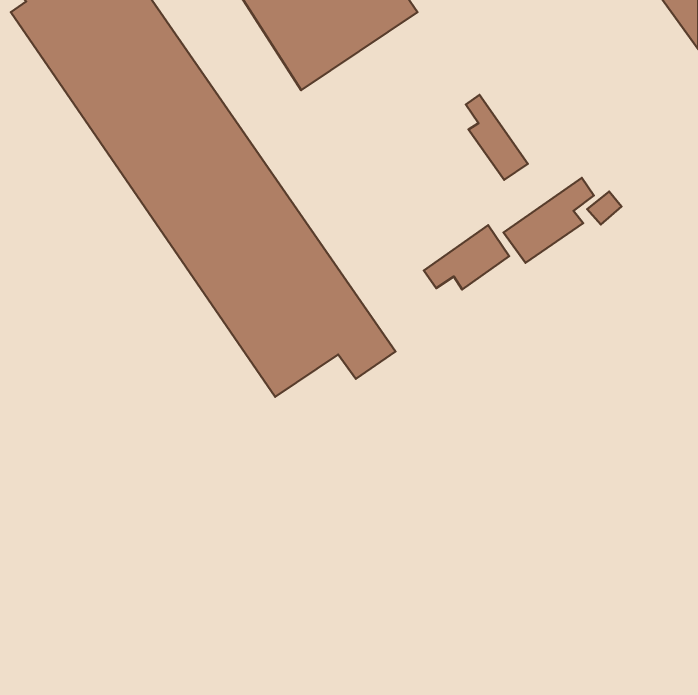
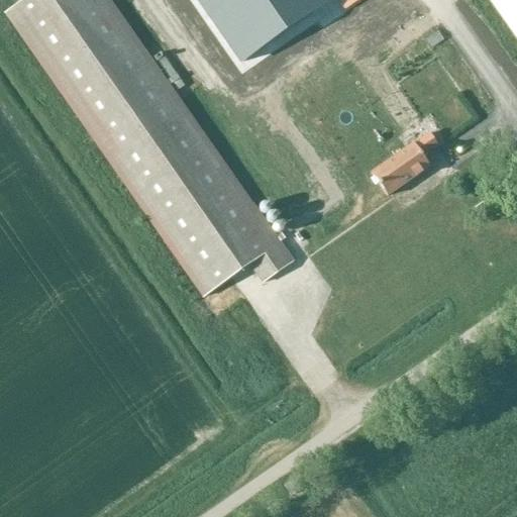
building: [466,95,528,180] -> none
building: [424,225,509,290] -> none

